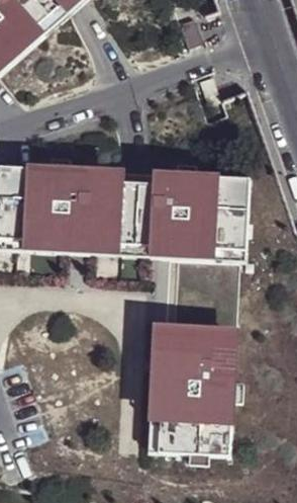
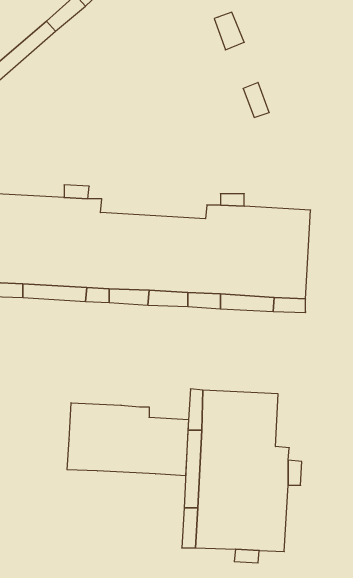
building: none -> [67,403,189,476]

